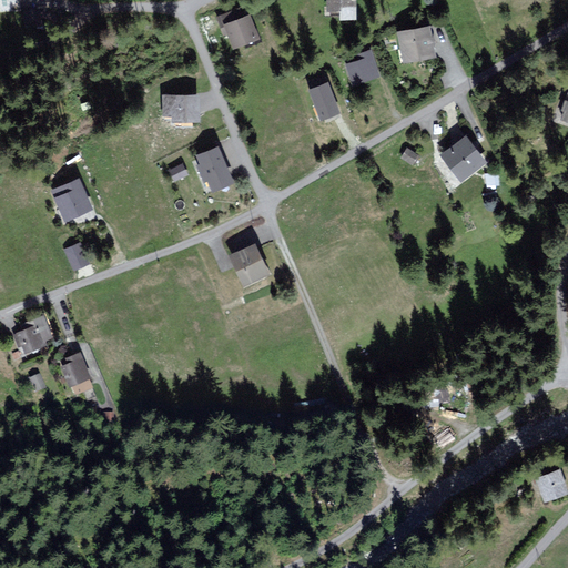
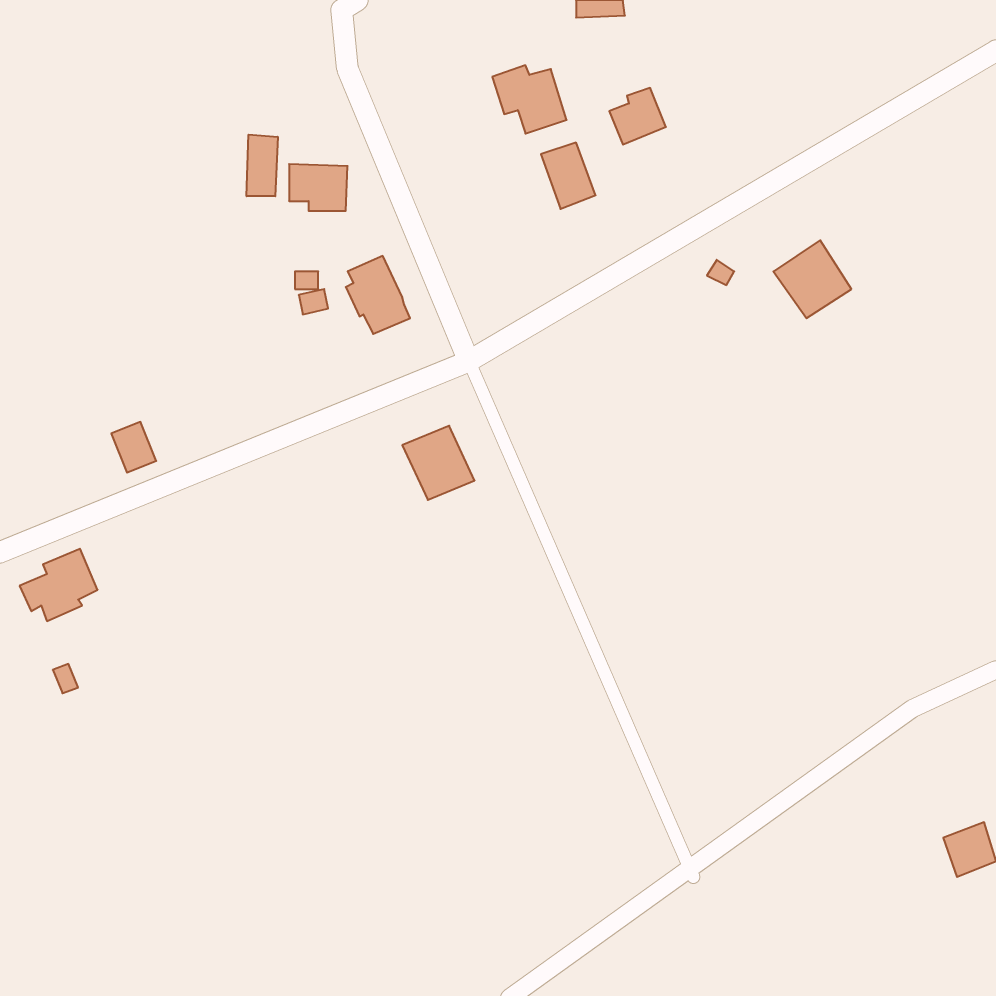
building: [216,11,258,50] -> [492,65,567,134]
building: [396,27,434,62] -> none
building: none -> [247,135,278,196]
building: [53,180,91,220] -> none
building: [60,351,93,394] -> none

